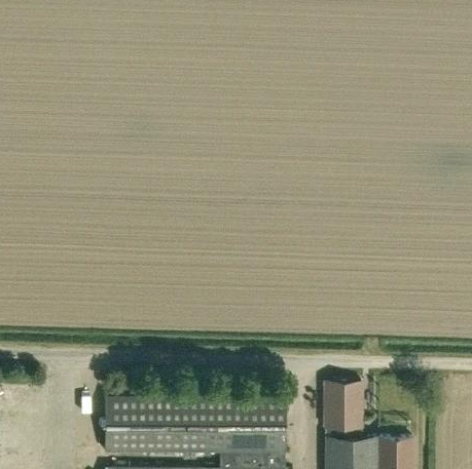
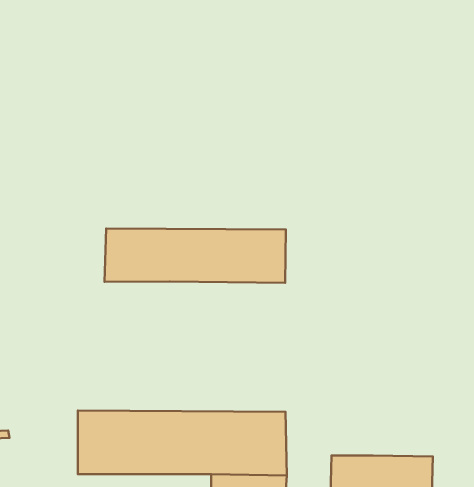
building: none -> [104,229,286,283]
building: [324,384,361,432] -> none

